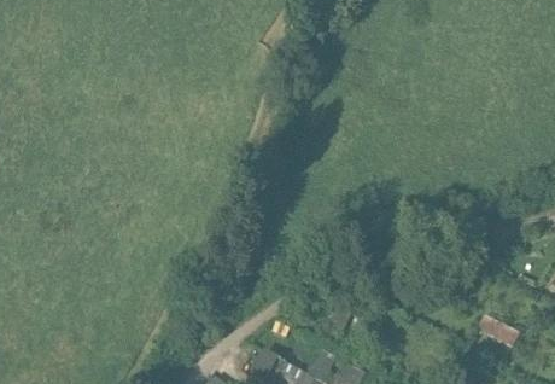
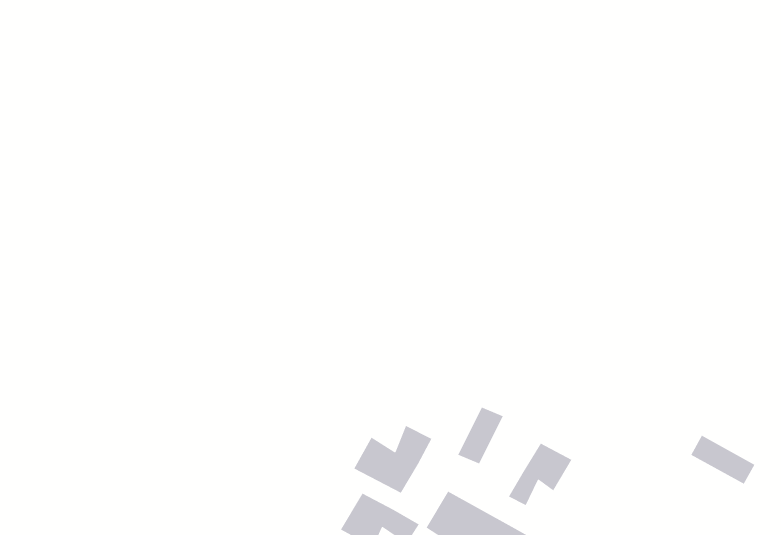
building: none -> [353,425,433,494]
building: none -> [508,442,572,506]

